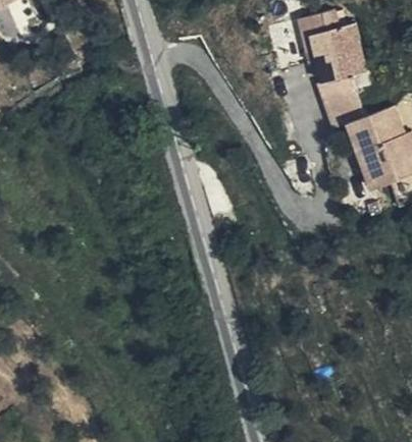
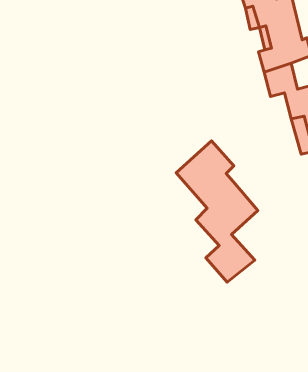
building: none -> [176,141,258,282]

